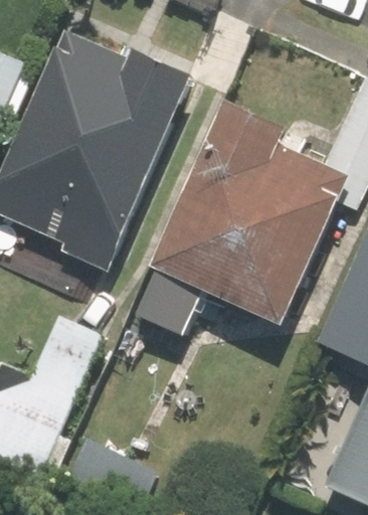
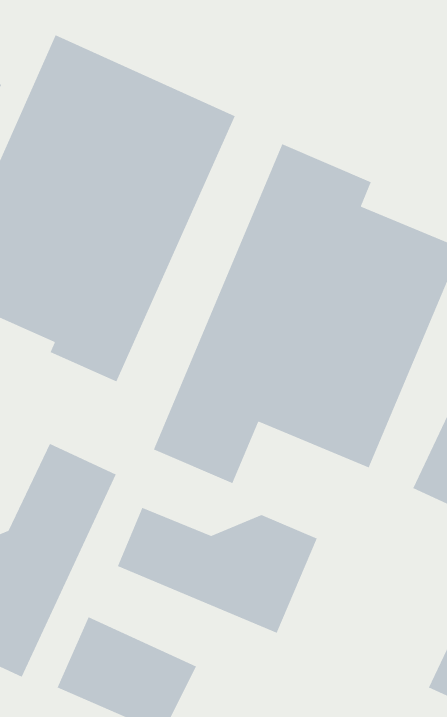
building: none -> [117,507,318,634]

